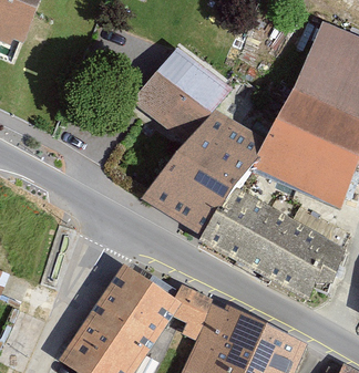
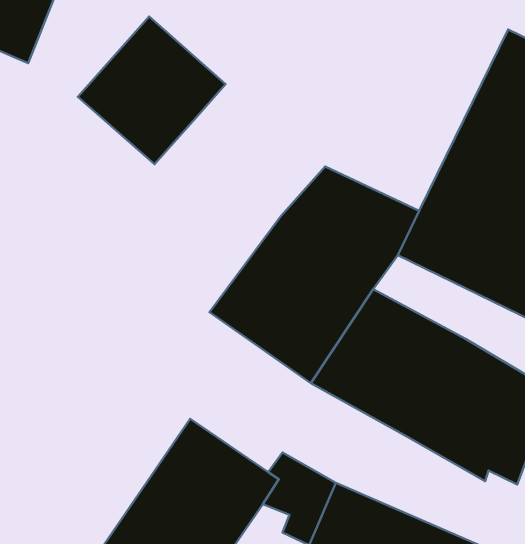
building: [133,46,225,138] -> [78,17,225,164]

